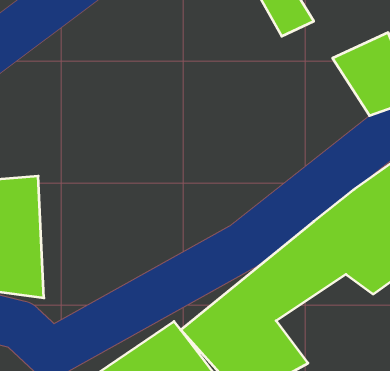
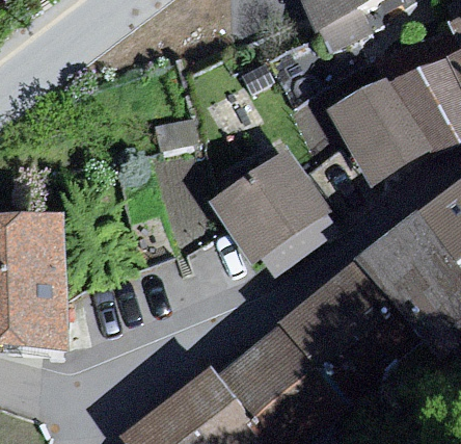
building: none -> [326,76,428,175]
building: none -> [213,151,342,265]

